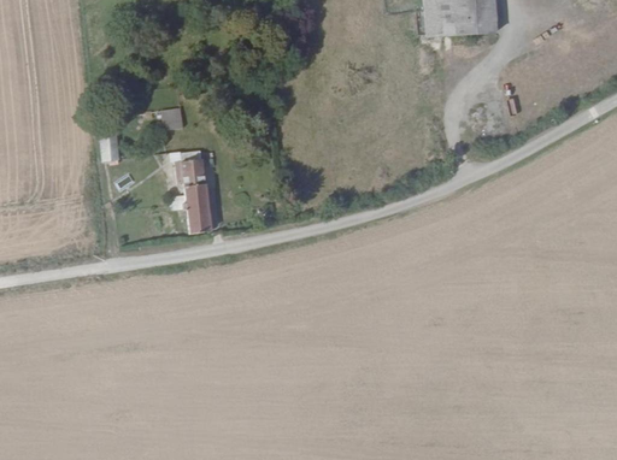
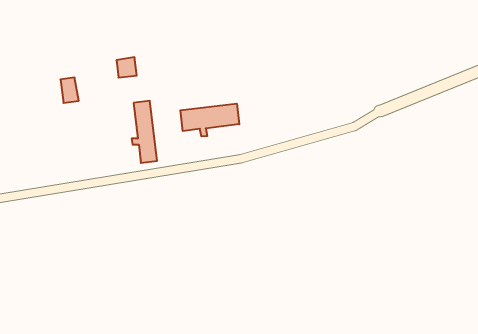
building: none -> [180,104,239,136]

